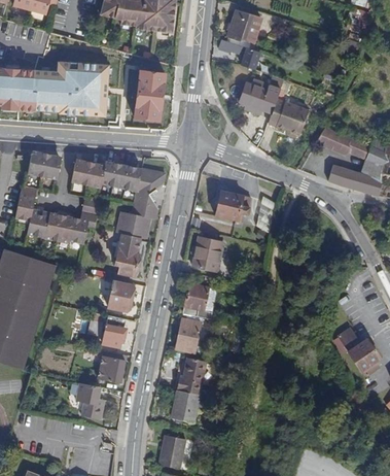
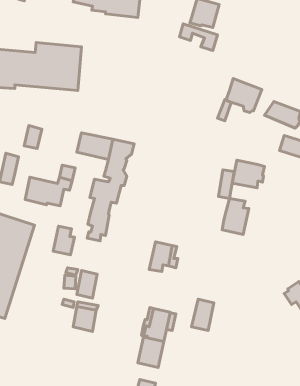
building: [134,70,164,121] -> none
building: [239,76,284,115] -> none
building: [27,150,48,176] -> none
building: [73,159,106,189] -> none
building: [214,191,250,222] -> [232,160,264,188]
building: [27,207,49,236] -> none
building: [191,231,221,271] -> [222,198,249,234]
building: [107,279,131,311] -> [53,226,74,255]
building: [175,318,200,353] -> [192,299,214,330]
building: [76,383,104,419] -> none

